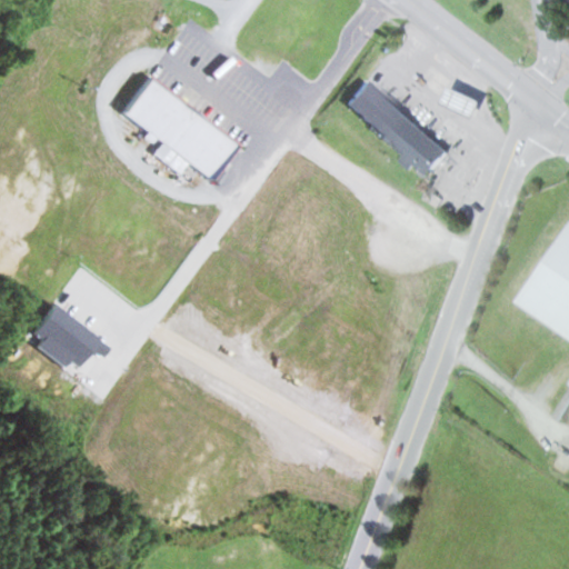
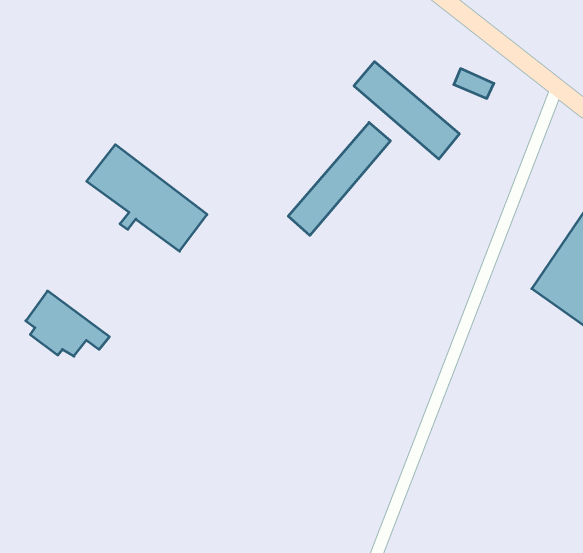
building: [118,77,234,180] -> [87,145,207,251]
building: none -> [288,122,390,235]

